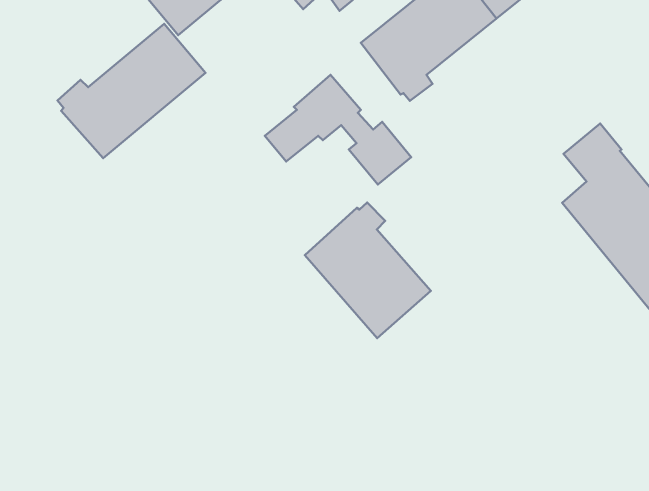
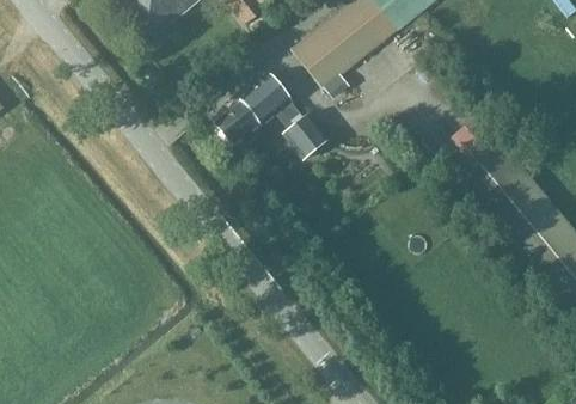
building: [57,24,206,158] -> none
building: [305,203,431,338] -> none

